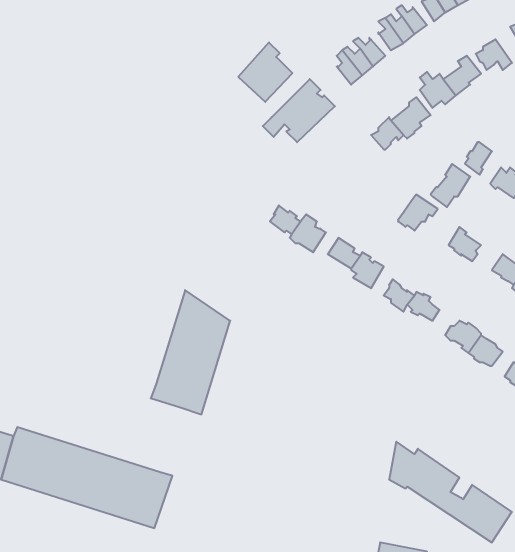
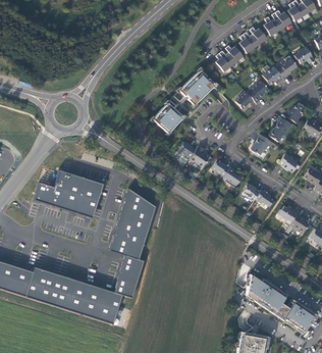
building: [238,42,292,102] -> [152,100,182,134]
building: none -> [35,170,103,217]
building: none -> [115,255,144,298]

